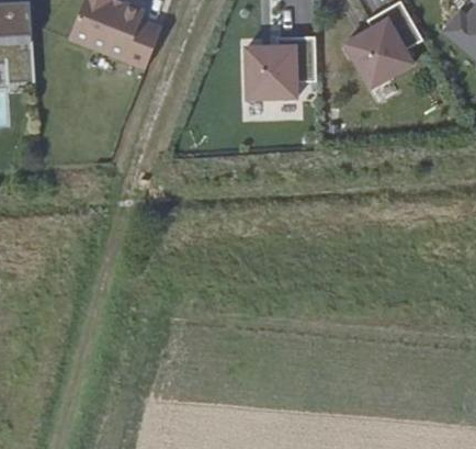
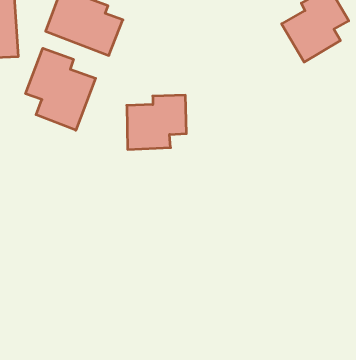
building: [246,36,316,100] -> [127,95,186,149]
building: none -> [26,48,96,130]

